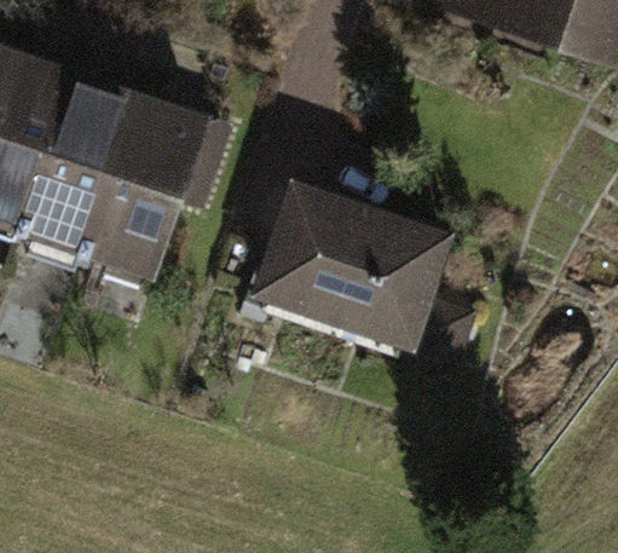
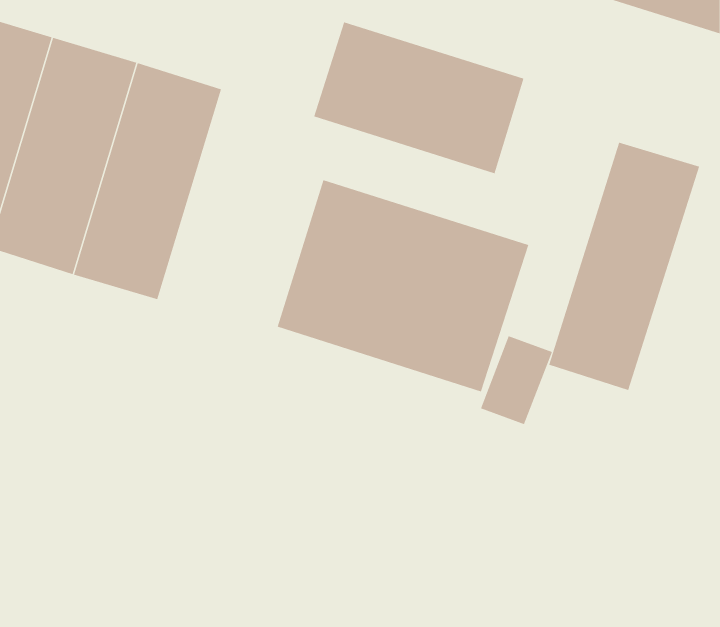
building: none -> [314,22,524,174]
building: none -> [549,142,700,391]

